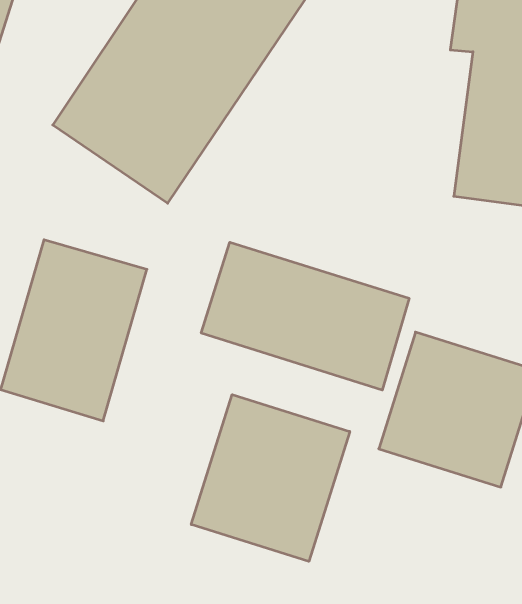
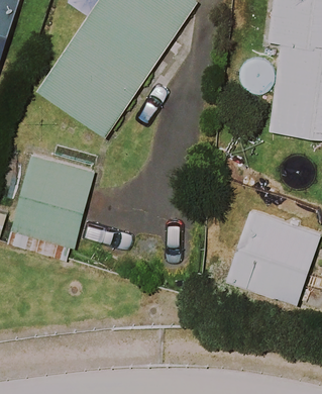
building: [201,242,409,390] -> none
building: [191,395,350,561] -> none

